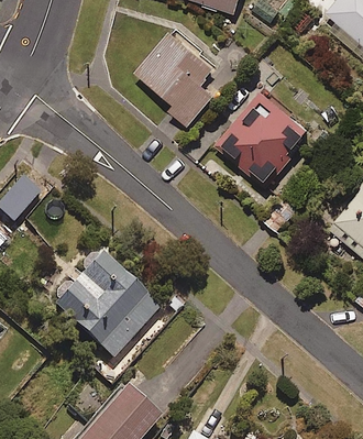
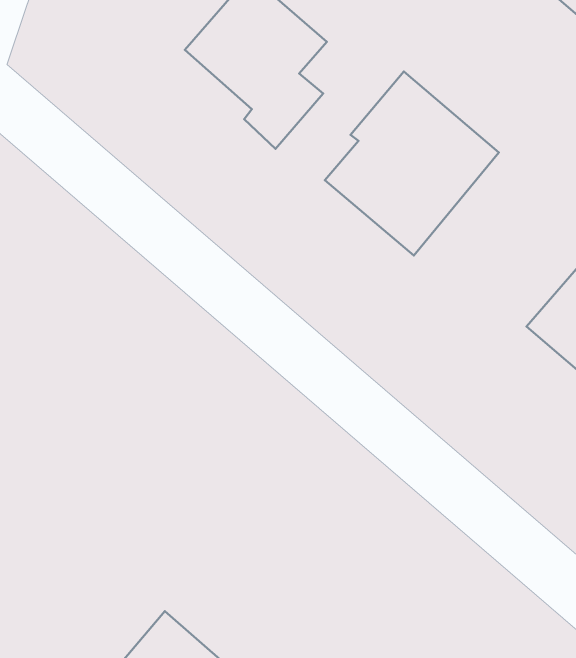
building: [54,249,162,355] -> none

